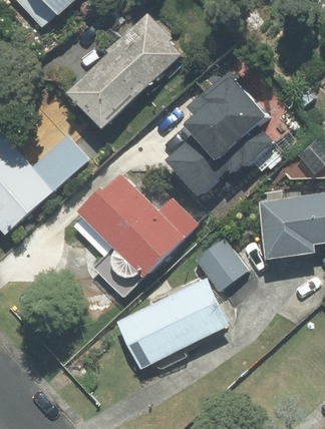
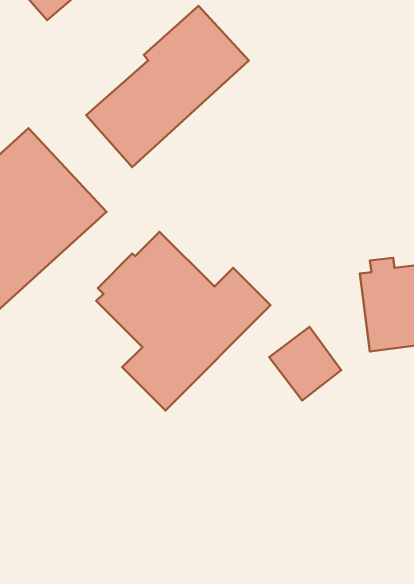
building: [168,72,274,196] -> none
building: [119,282,227,369] -> none

